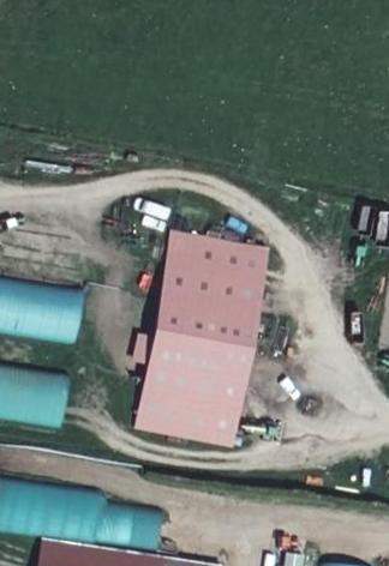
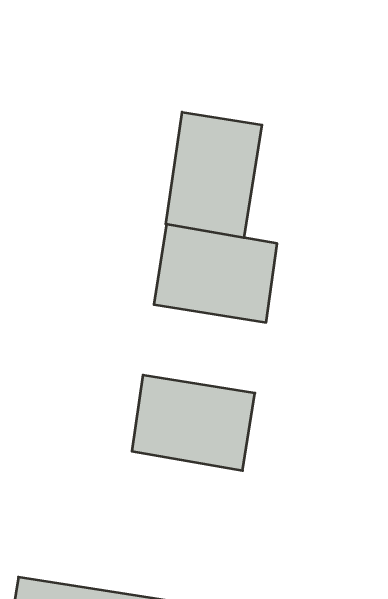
building: none -> [166,112,262,238]
building: [150,302,257,379] -> none

